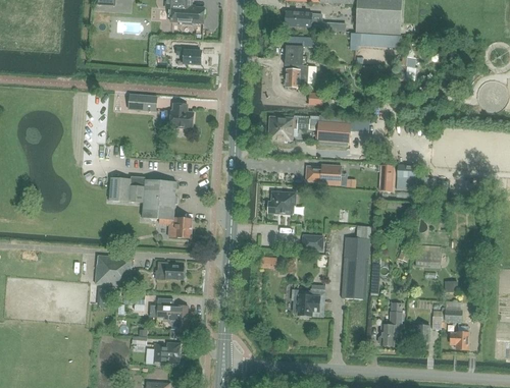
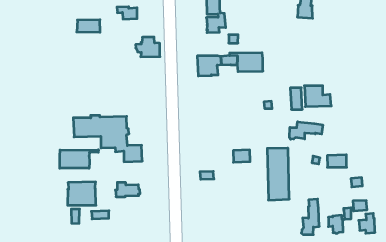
building: [128,94,157,111] -> [77,20,100,32]
building: [163,103,193,128] -> [136,37,160,57]
building: [306,165,342,183] -> none
building: [268,190,296,213] -> none
building: none -> [289,122,323,139]
building: none -> [60,150,98,168]
building: [297,282,324,317] -> none
building: [149,297,188,331] -> none

